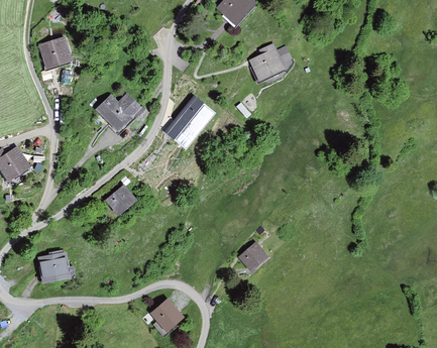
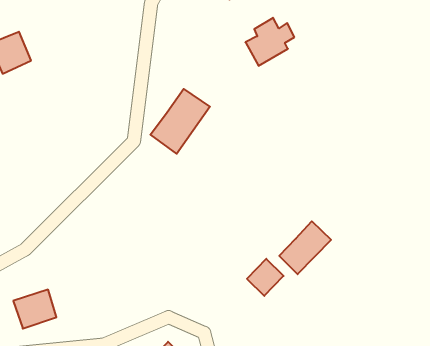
building: [99,93,147,132] -> none
building: [104,184,135,215] -> none
building: none -> [279,221,331,274]

